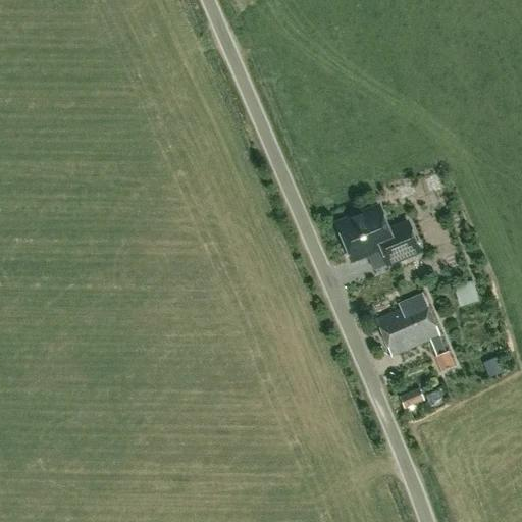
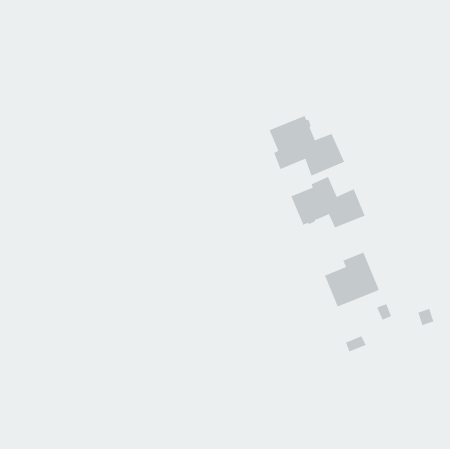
building: none -> [269,115,345,176]

